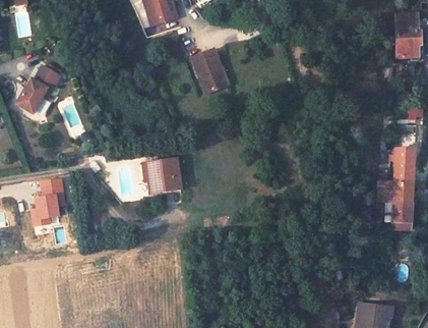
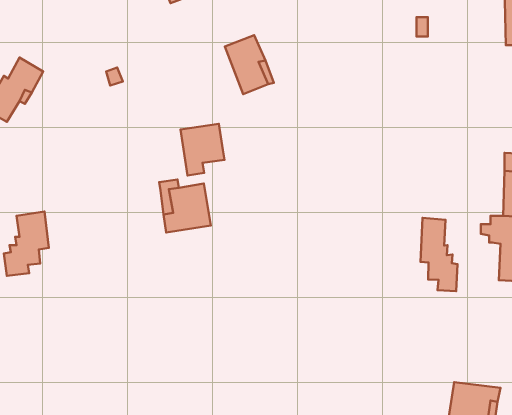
building: none -> [180,124,224,176]
building: none -> [421,218,457,291]

